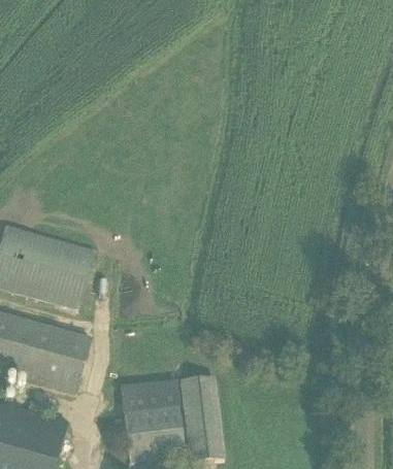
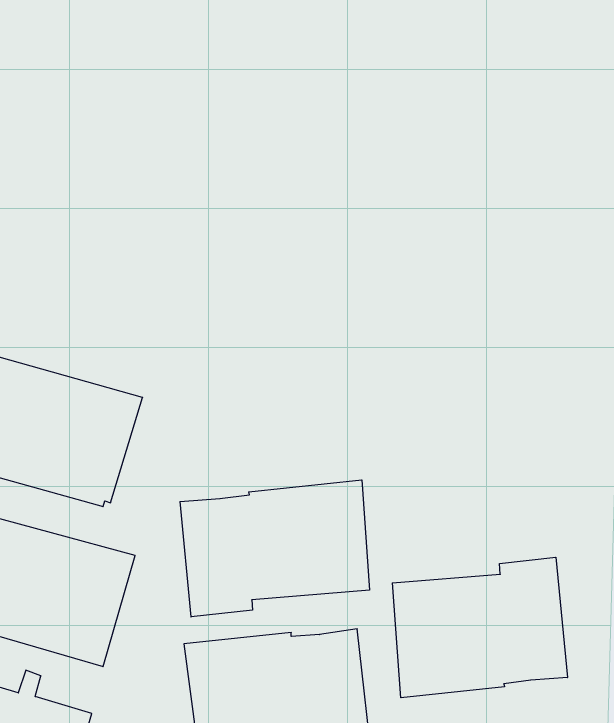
building: none -> [180,480,369,617]
building: none -> [392,557,567,698]

